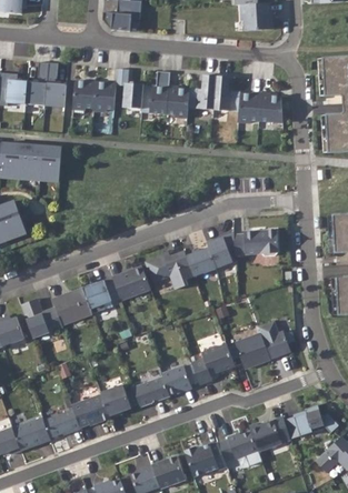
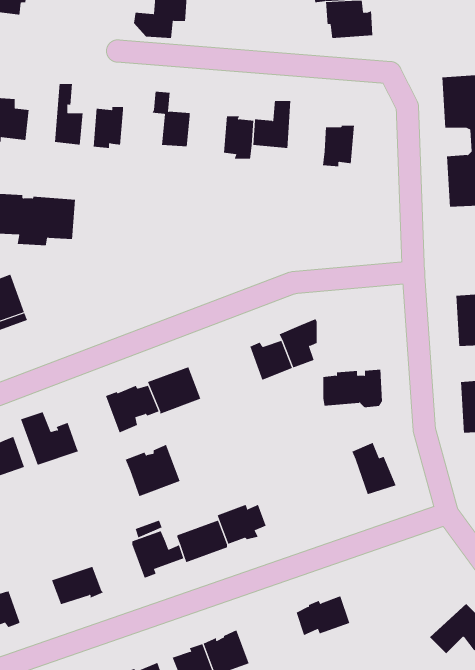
building: [24,62,48,105] -> none
building: [140,71,169,113] -> none
building: [212,76,239,112] -> none
building: [92,81,116,111] -> none
building: [258,93,281,123] -> none
building: [233,229,277,256] -> [322,369,383,408]
building: [143,251,193,290] -> none
building: [51,288,91,325] -> [125,444,181,497]
building: [235,333,269,369] -> none
building: [190,343,233,385] -> none
building: [71,394,109,427] -> none
building: [284,405,338,439] -> none
building: [12,417,50,450] -> none
building: [248,420,281,452] -> none
building: [183,442,226,476] -> none

